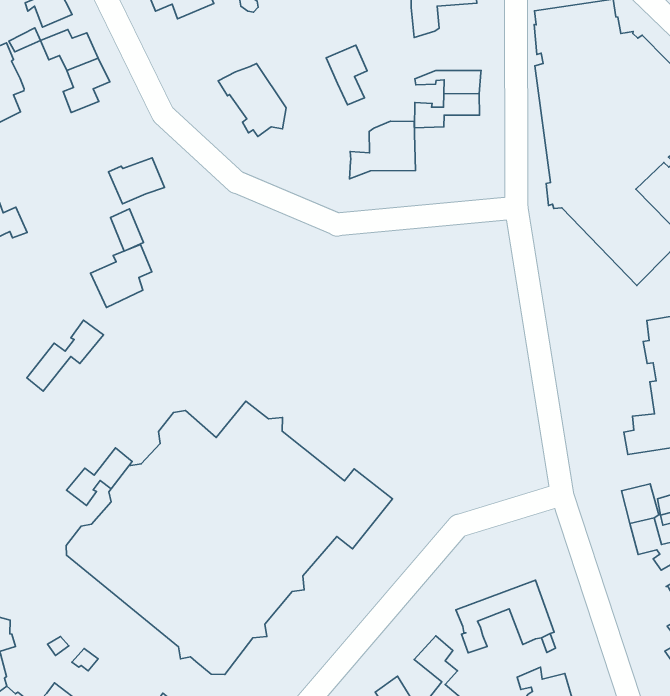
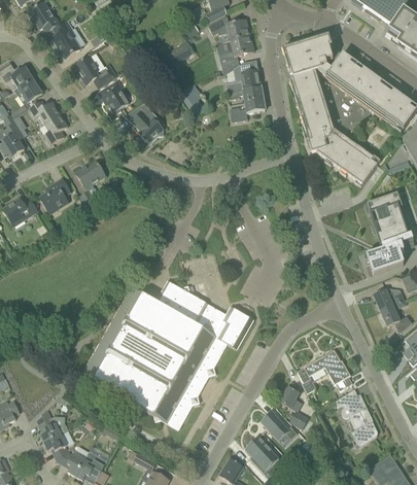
building: none -> [98,78,129,111]
building: [349,121,416,179] -> [225,60,262,96]
building: [91,245,152,307] -> [39,178,71,214]
building: [27,320,104,391] -> none
building: [66,448,132,506] -> none

